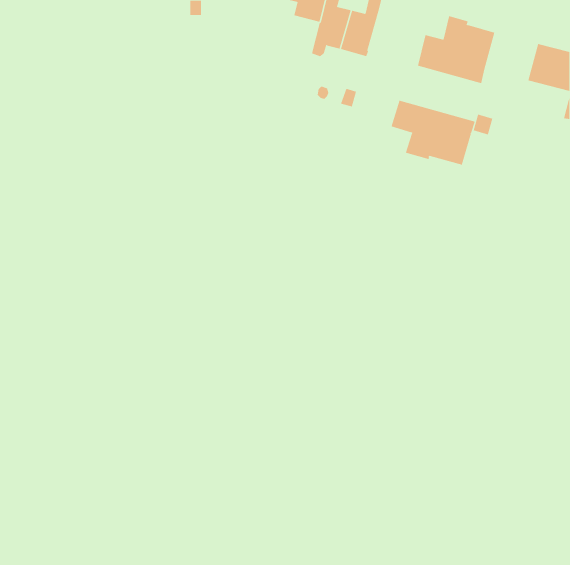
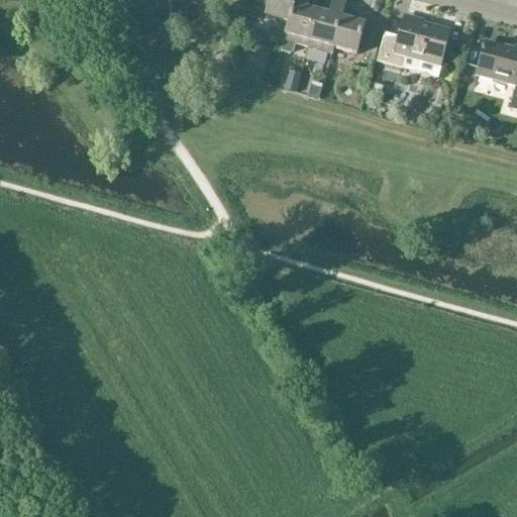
building: none -> [333,10,378,51]
building: [391,100,476,166] -> none

